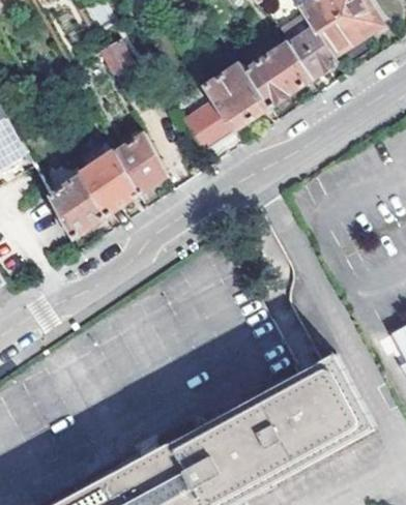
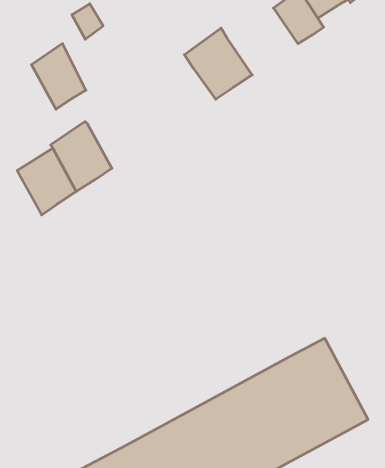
building: [244,42,311,108] -> none
building: [182,101,234,151] -> none
building: [115,133,166,195] -> [31,44,86,109]

